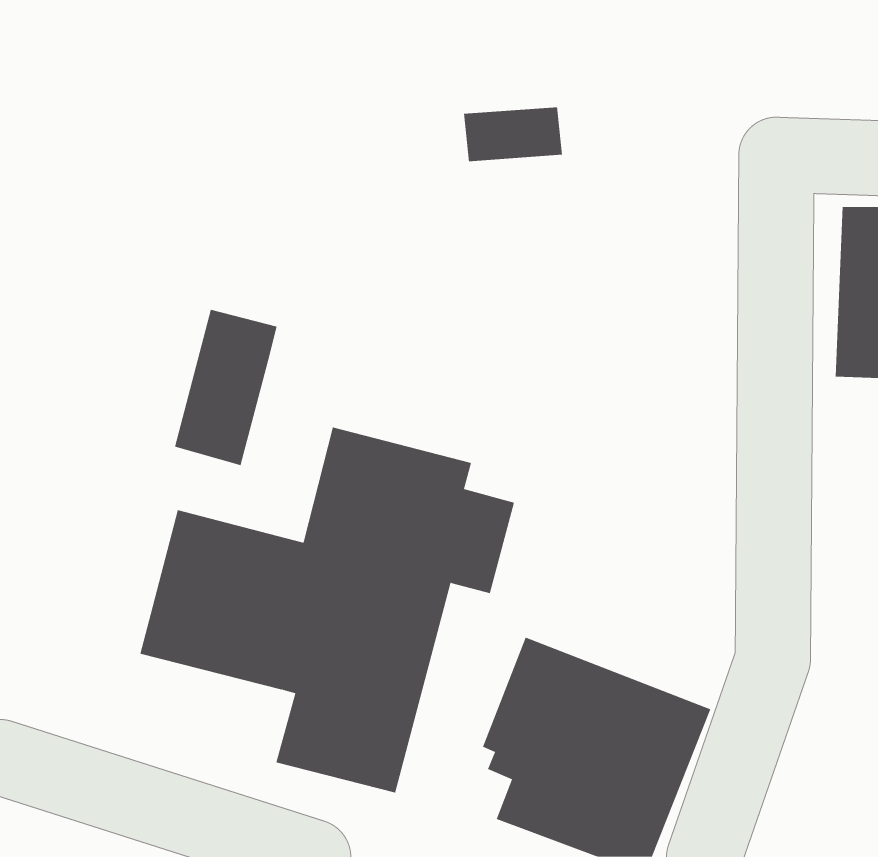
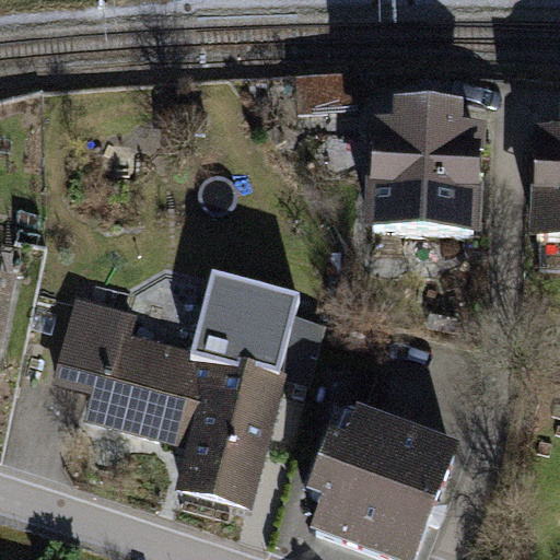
building: none -> [364,104,486,236]
building: [174,309,277,466] -> [54,291,119,390]

